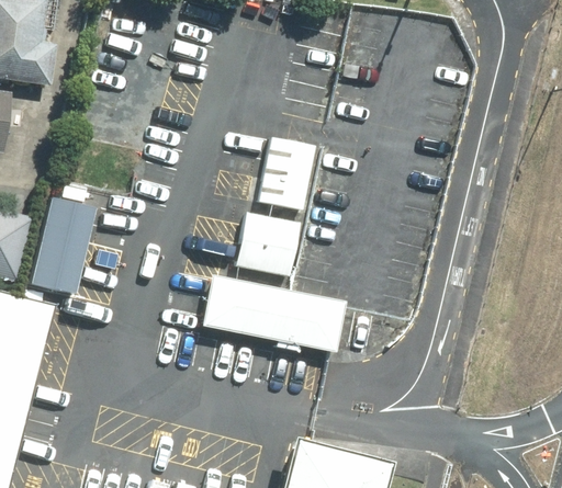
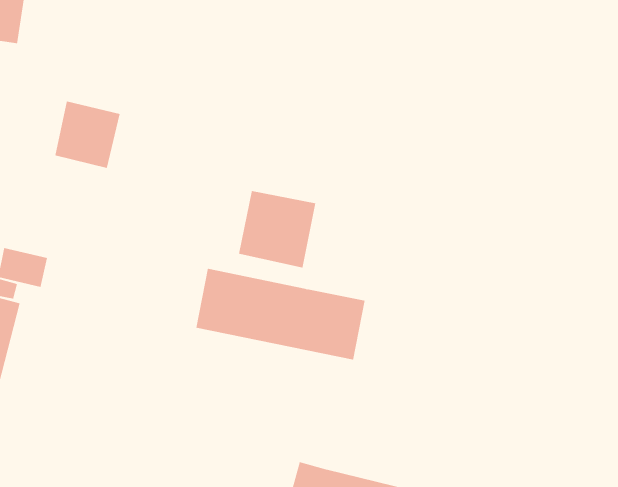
building: [259,137,315,207] -> none
building: [40,207,95,264] -> [54,101,120,168]

